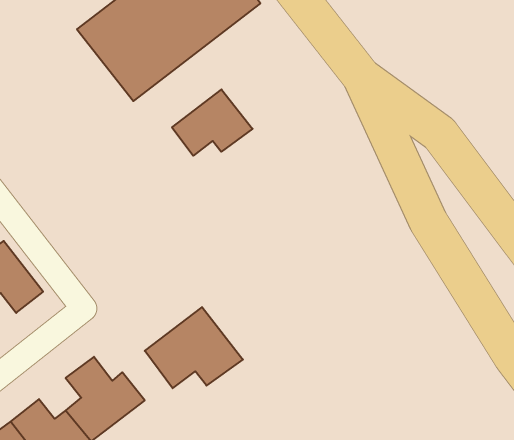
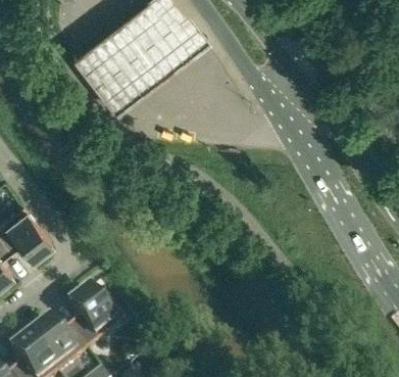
building: [172,89,253,156] -> none
building: [145,307,243,388] -> none

